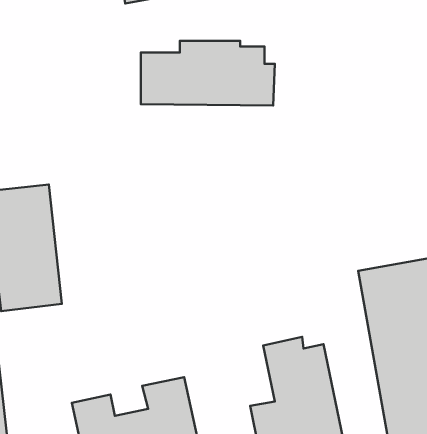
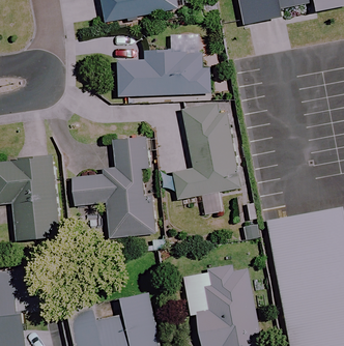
building: none -> [171,106,237,200]
building: none -> [71,138,152,239]

